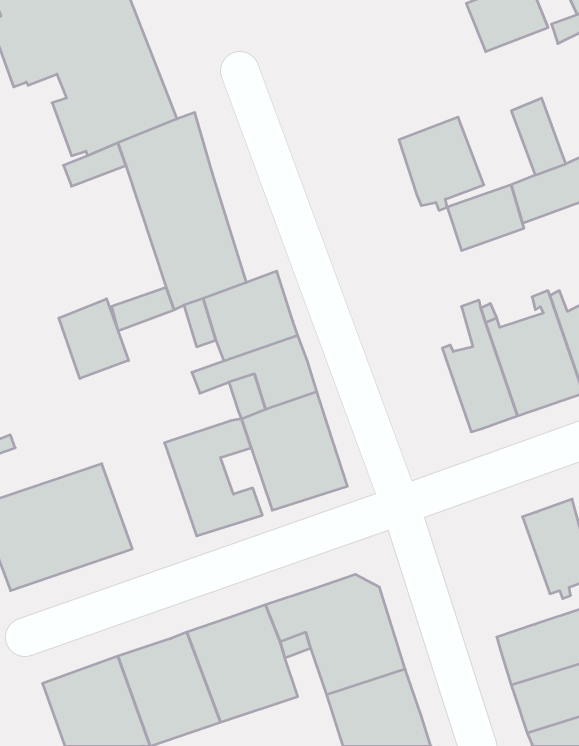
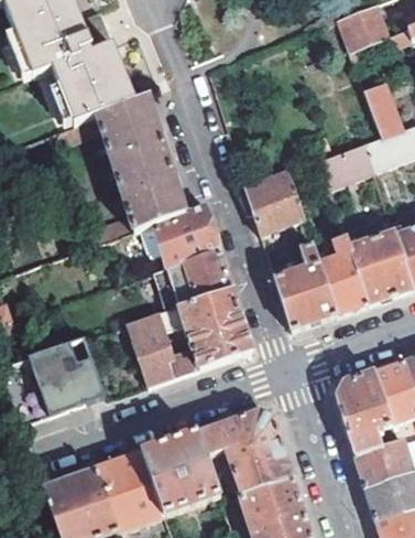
building: [399,117,484,210] -> [245,172,304,236]
building: [59,299,129,379] -> none
building: none -> [275,245,337,327]
building: none -> [336,372,391,454]

